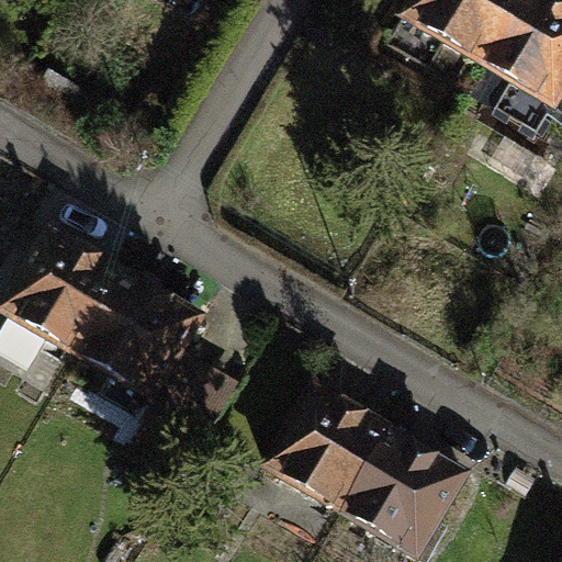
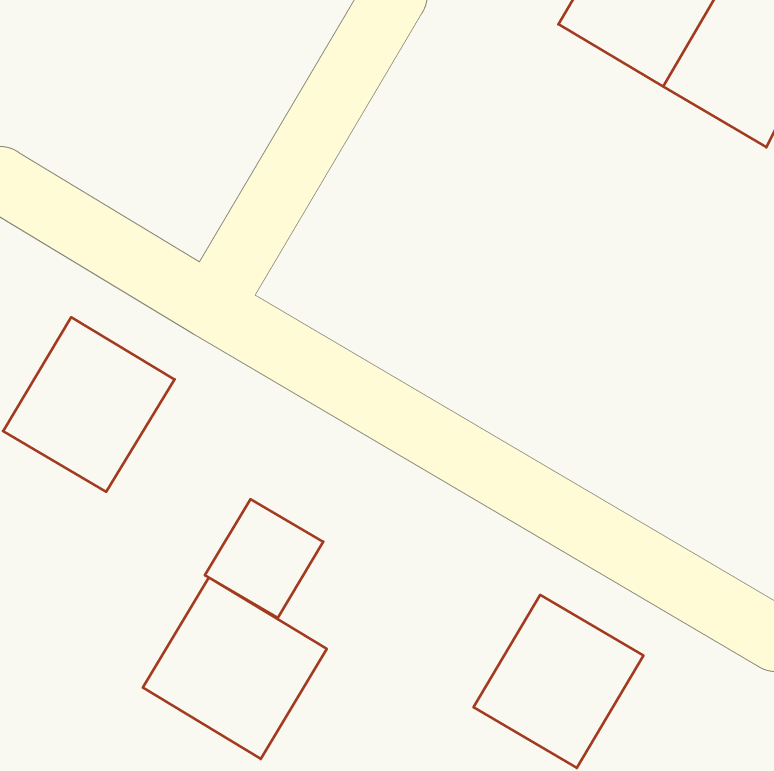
building: [78,274,202,400] -> none
building: [268,385,392,512] -> none
building: none -> [143,578,327,759]

